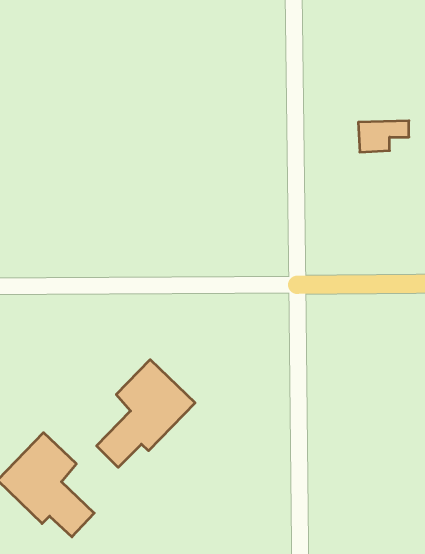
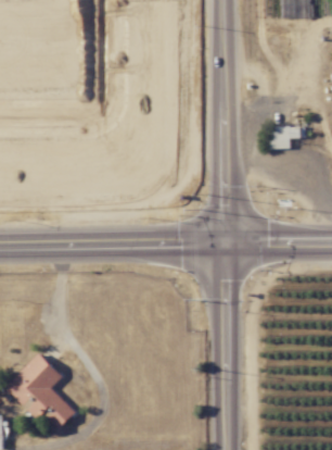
building: [97,360,195,467] -> none

